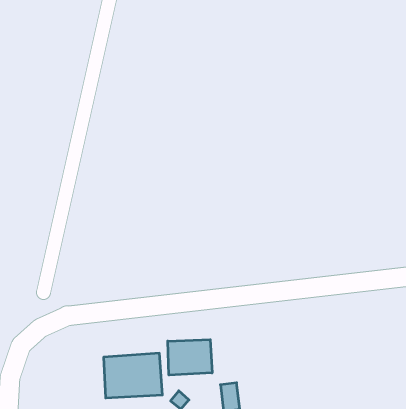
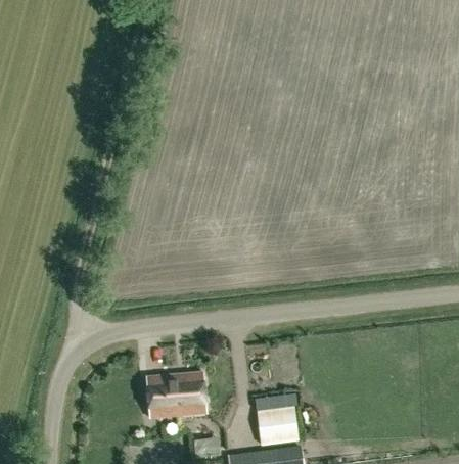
building: [168,340,212,375] -> none

